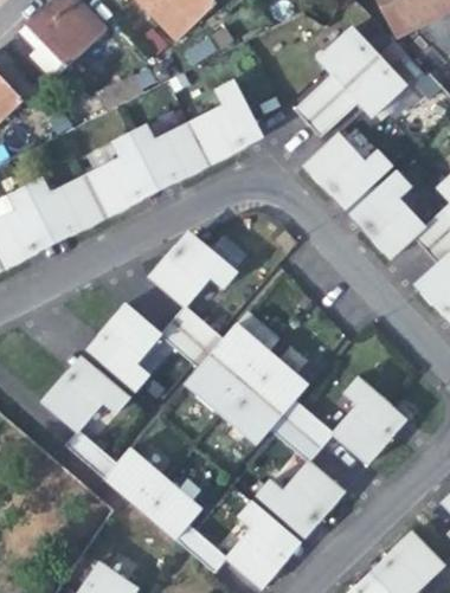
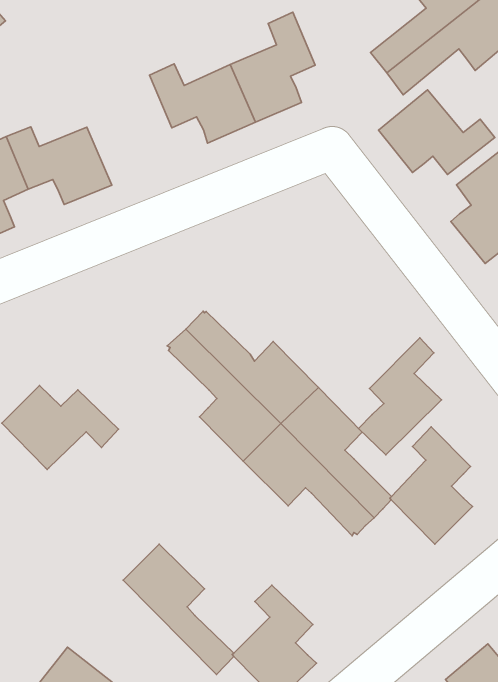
building: [90,133,153,215] -> none
building: [150,244,238,305] -> none
building: [99,302,162,389] -> none
building: none -> [359,338,441,455]
building: [64,427,163,507] -> none
building: [255,460,343,523] -> none

